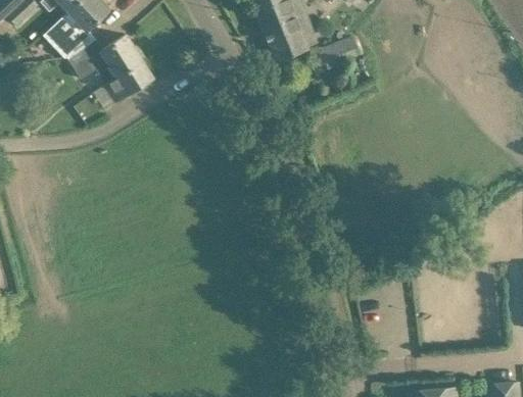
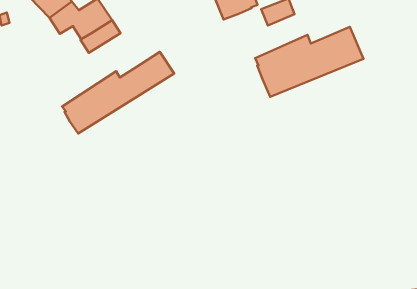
building: none -> [255,27,363,97]
building: none -> [62,52,174,133]

